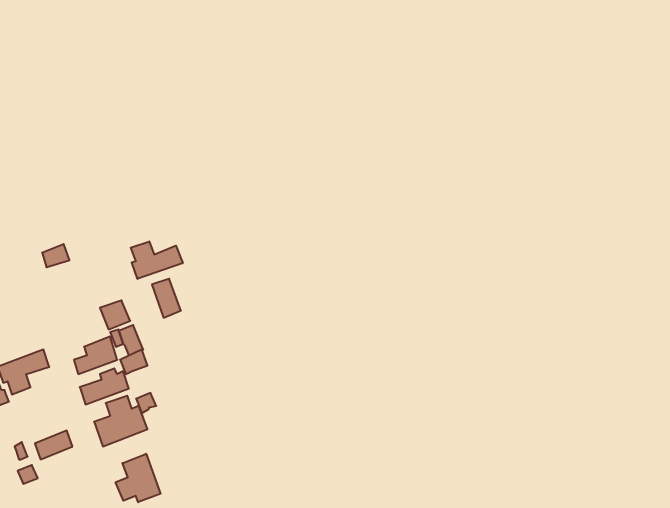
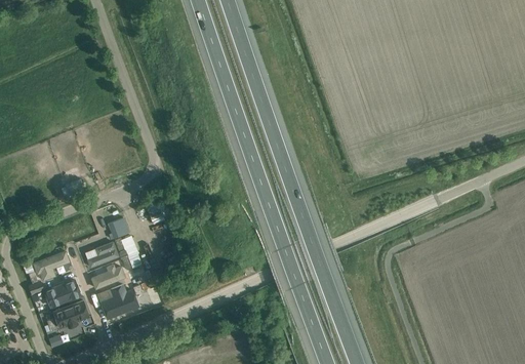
building: [131,241,183,279] -> none
building: none -> [47,279,81,305]
building: [116,454,161,502] -> none

